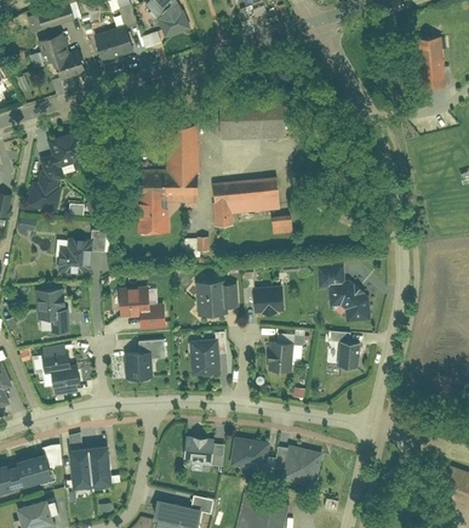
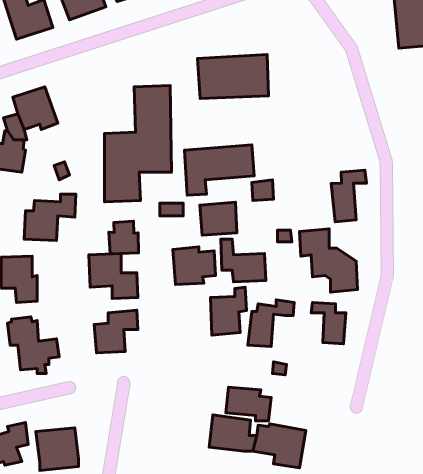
building: none -> [331,170,367,222]
building: none -> [200,202,237,235]
building: none -> [109,221,138,254]
building: [191,331,225,376] -> [210,287,247,335]
building: [183,435,225,466] -> [226,387,271,421]

